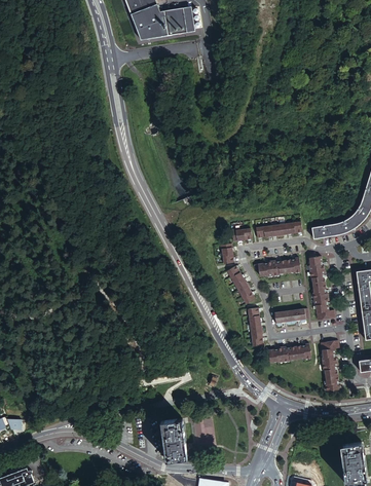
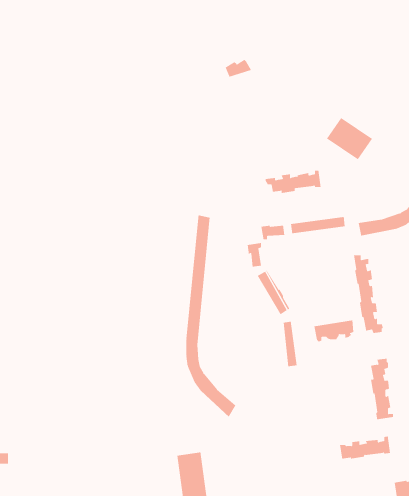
building: none -> [326,117,373,160]
building: none -> [186,215,236,418]
building: [254,258,301,277] -> [265,170,322,194]
building: [269,343,312,363] -> [339,436,391,459]

